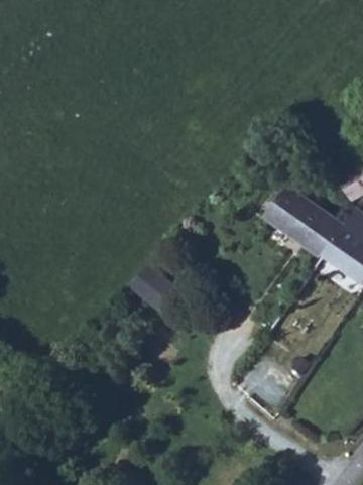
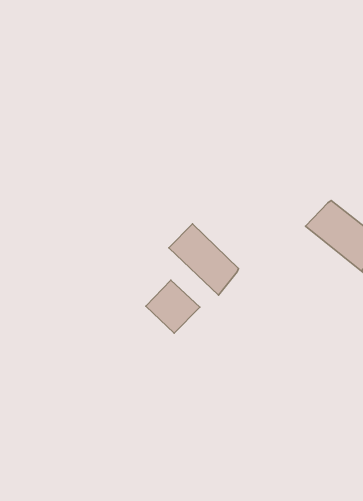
building: none -> [169,224,239,295]

